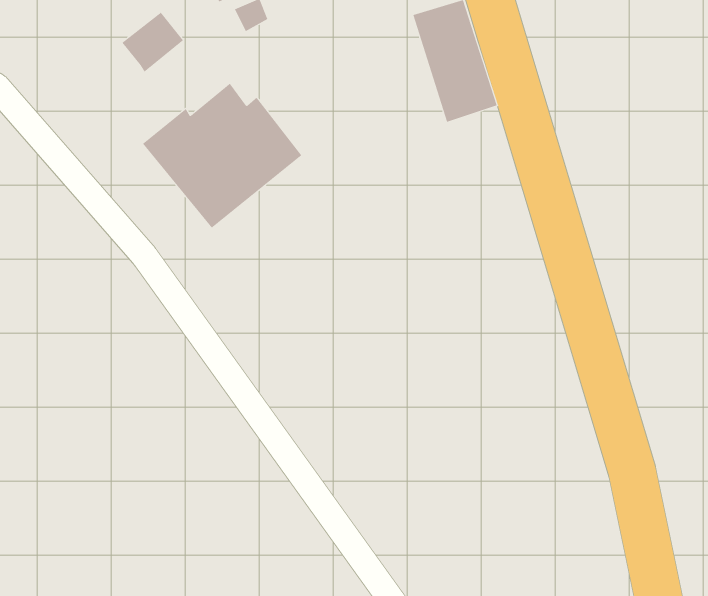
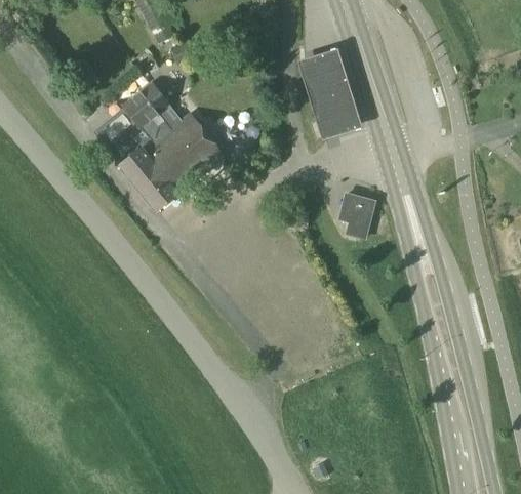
building: [121,12,184,73] -> [122,85,167,129]
building: none -> [338,192,374,237]

